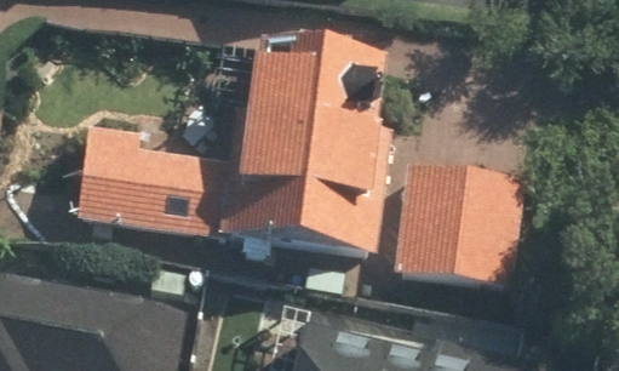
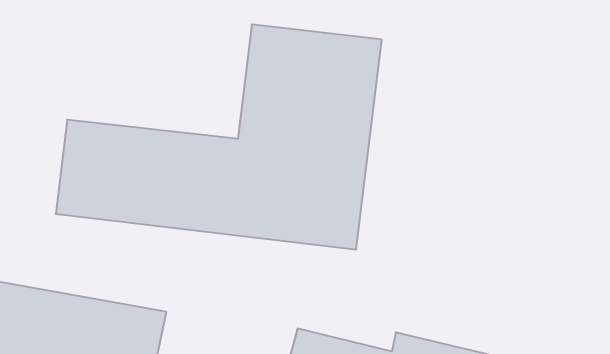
building: [395,165,506,289] -> none

